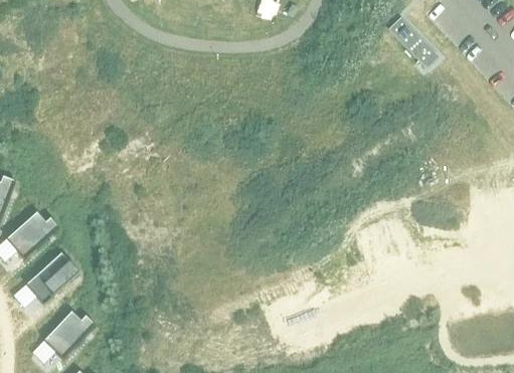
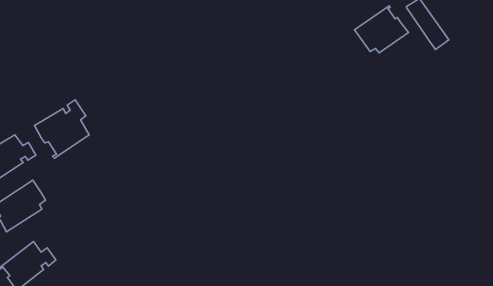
building: none -> [355,6,409,53]
building: none -> [34,100,89,158]

